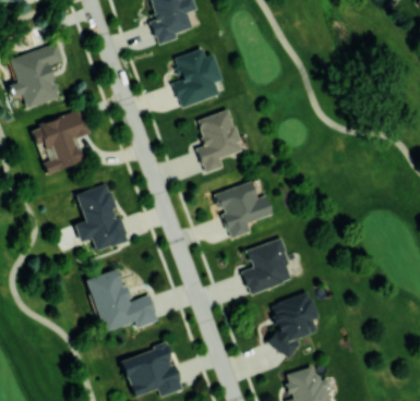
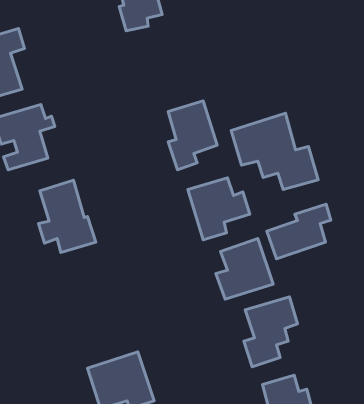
building: [172,48,221,107] -> none
building: none -> [231,113,318,189]
building: none -> [267,204,331,259]
building: [86,268,158,331] -> none

